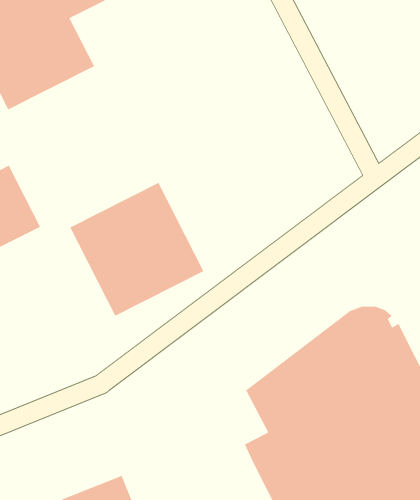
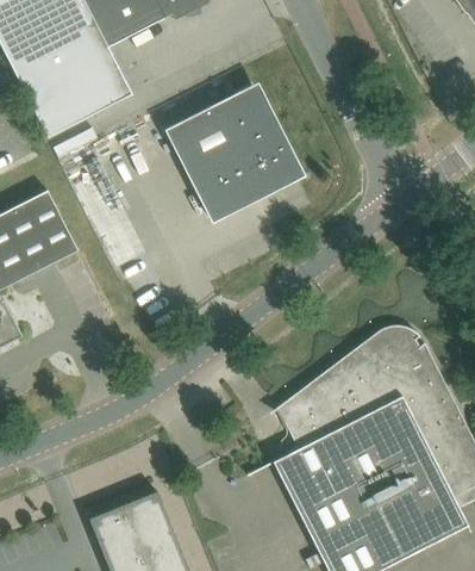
building: [69,182,204,317] -> [164,85,295,216]

